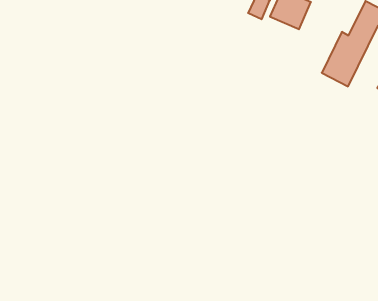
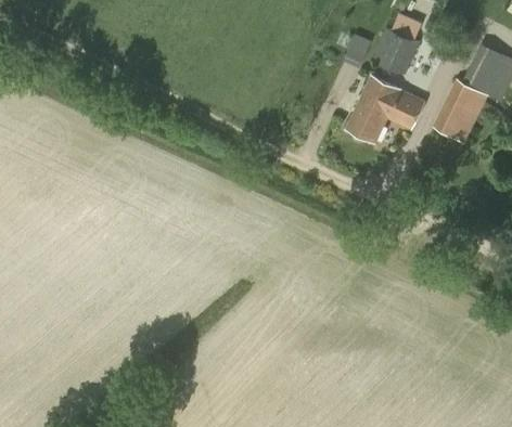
building: none -> [346,77,424,143]

